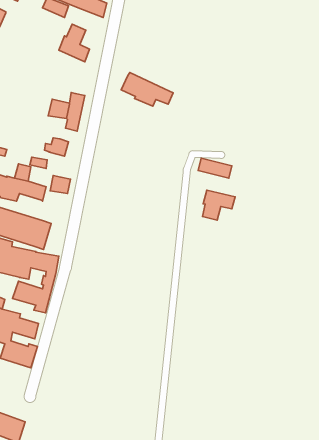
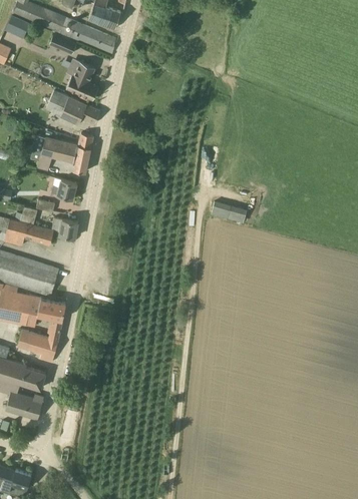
building: [121,73,173,106] -> [45,90,99,125]
building: none -> [36,136,58,170]
building: [203,190,235,220] -> none

